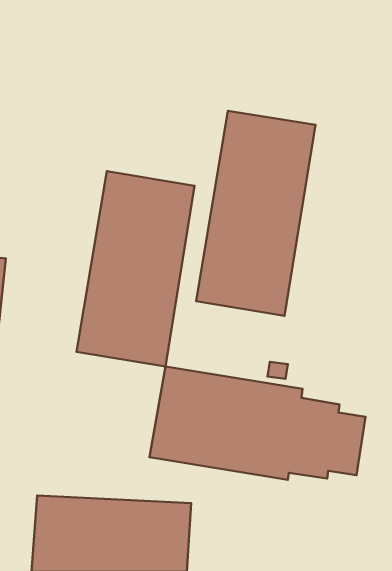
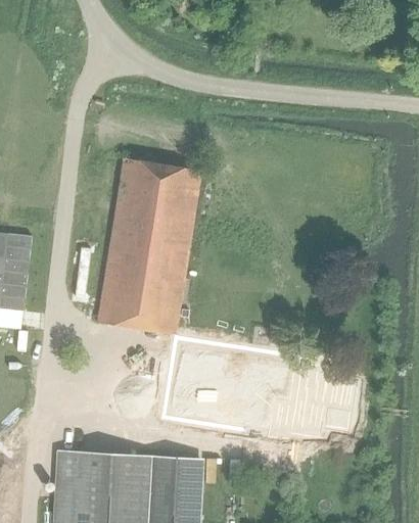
building: [196,111,315,316] -> none

